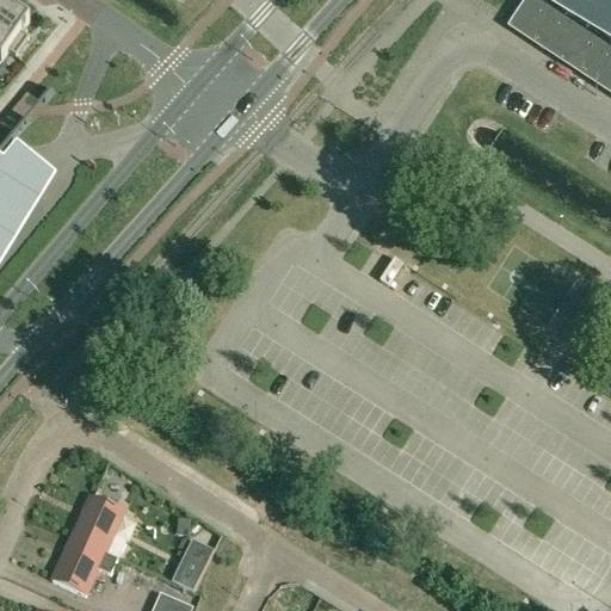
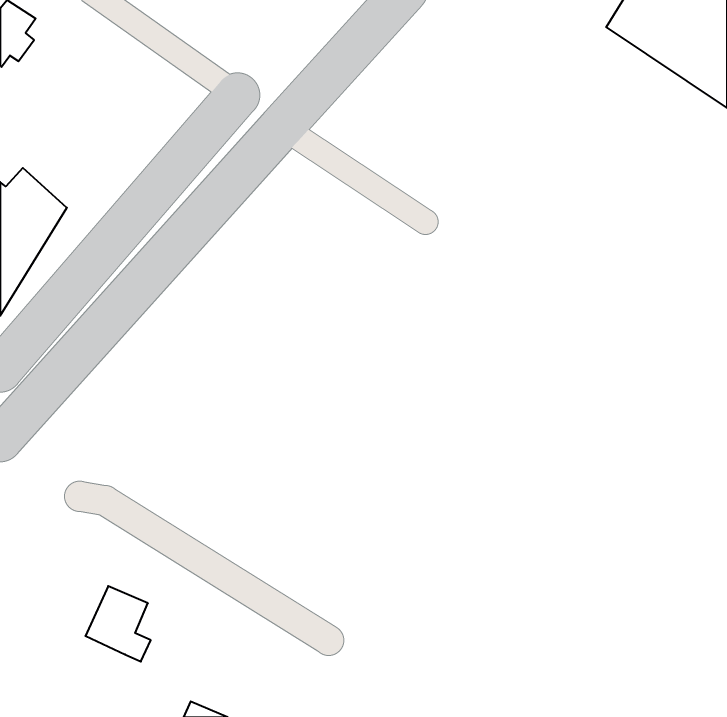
building: [53,533,118,592] -> none
building: [171,536,214,587] -> none

